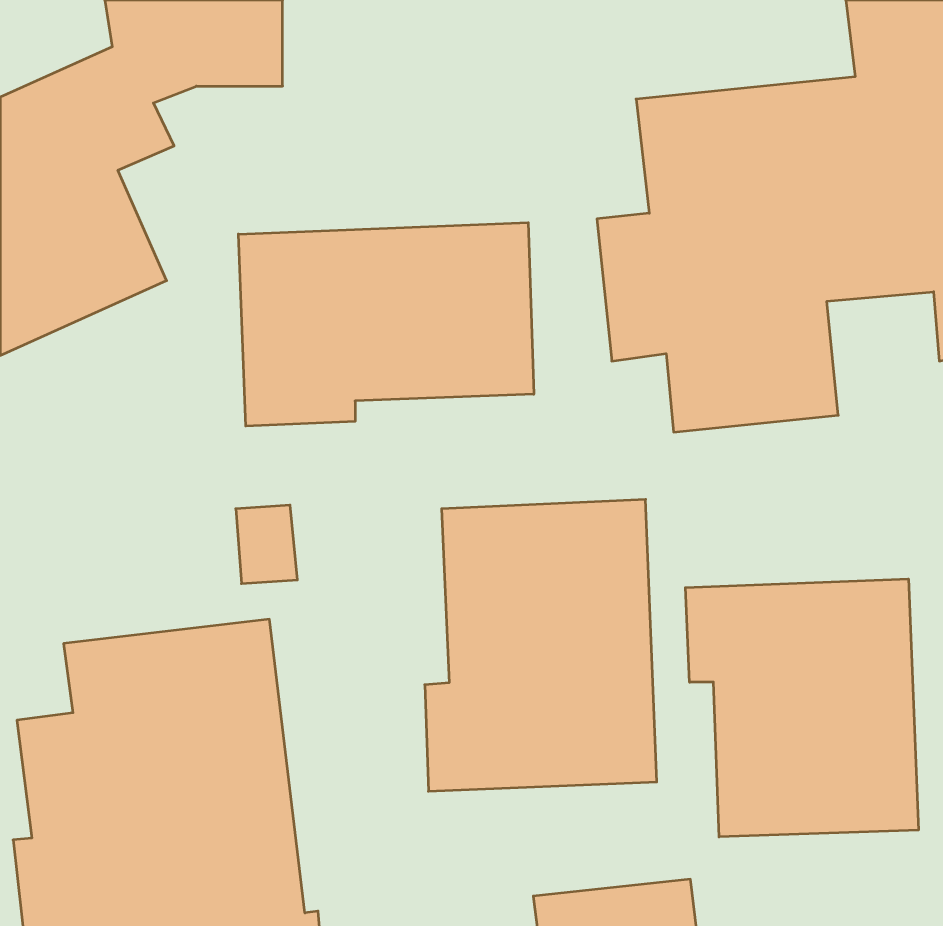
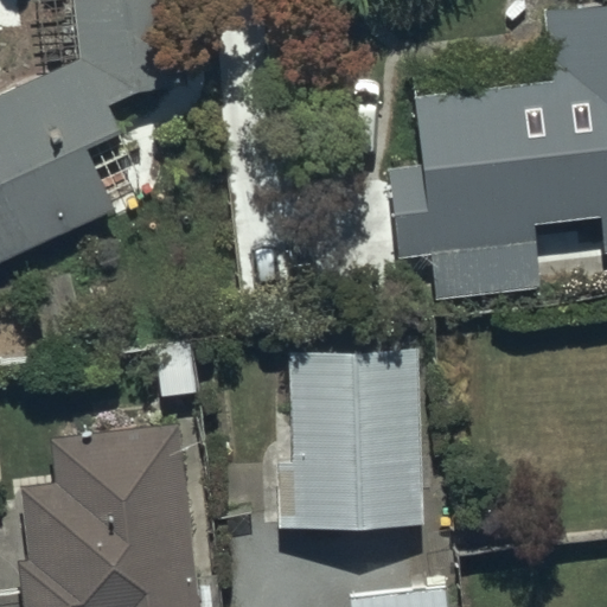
building: [238,223,534,426] -> none
building: [685,579,918,837] -> none

